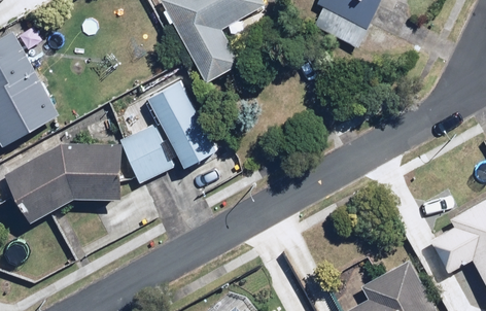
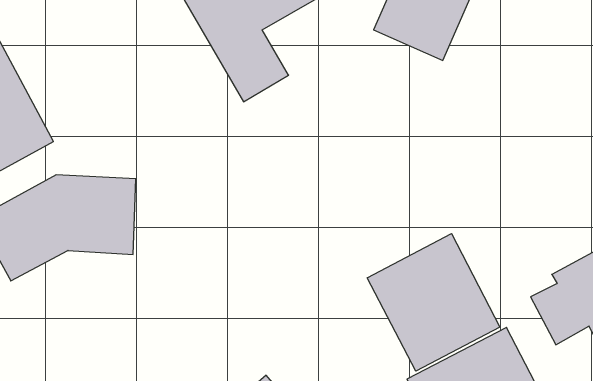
building: [149,82,217,171] -> none
building: [124,126,173,184] -> none
building: none -> [367,234,500,371]

